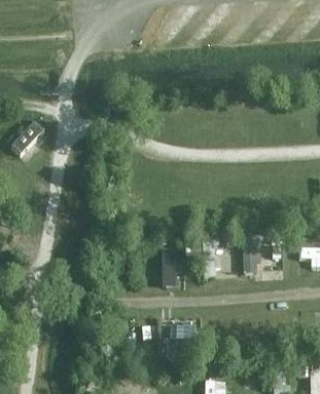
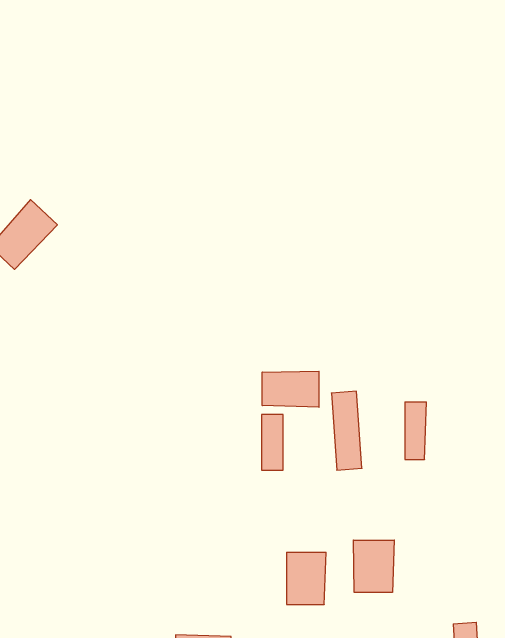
building: none -> [262,371,319,407]
building: none -> [353,540,394,592]

